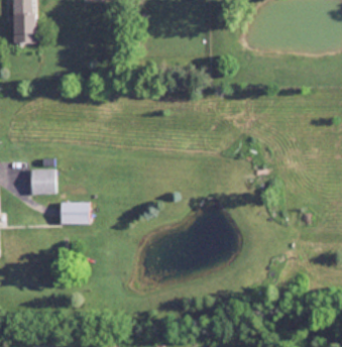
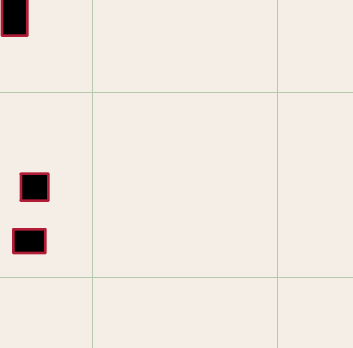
building: [61,203,90,224] -> [13,229,45,253]

